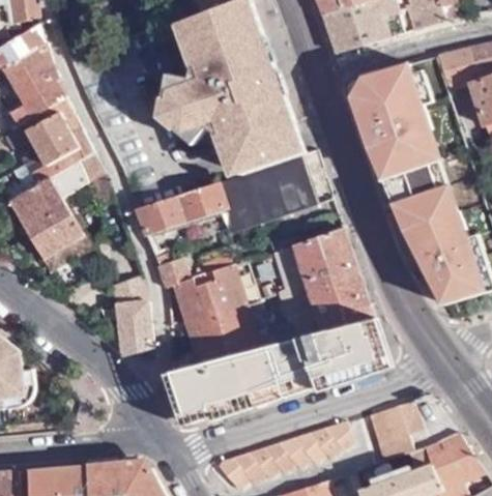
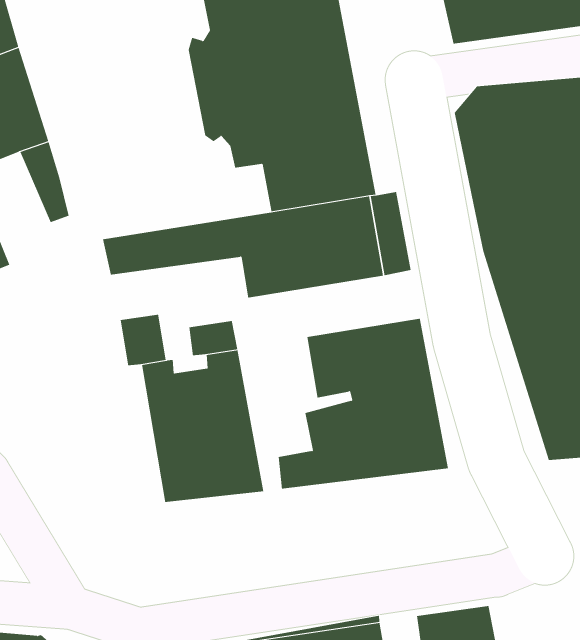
building: [156,74,197,144] -> none
building: [110,274,150,359] -> none
building: [172,319,388,428] -> none

